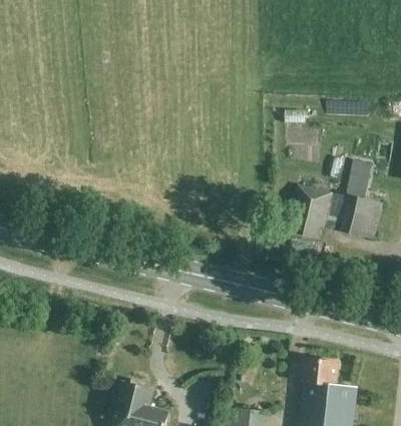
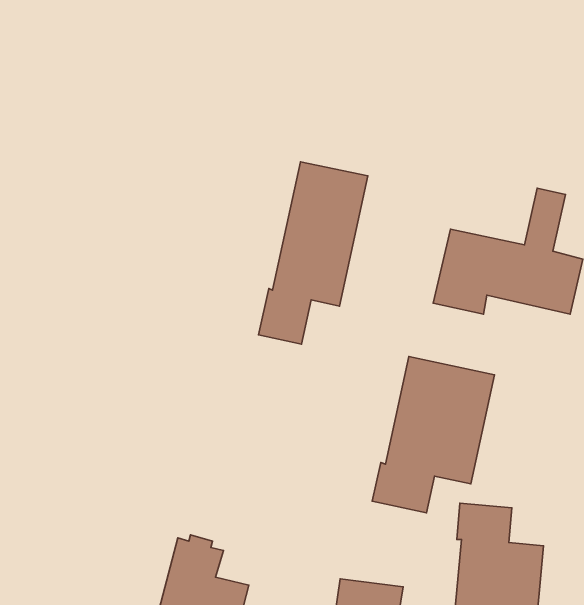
building: none -> [259,162,368,344]
building: none -> [372,357,494,513]

